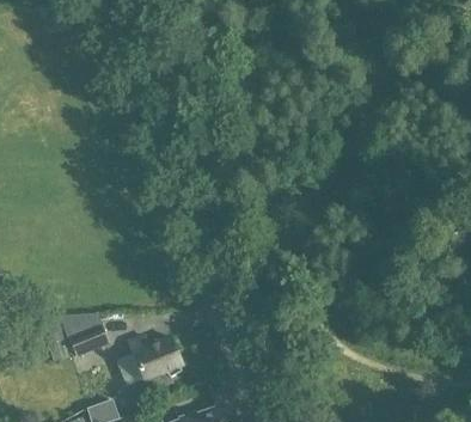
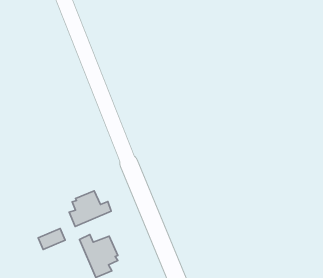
building: none -> [69,191,111,226]

